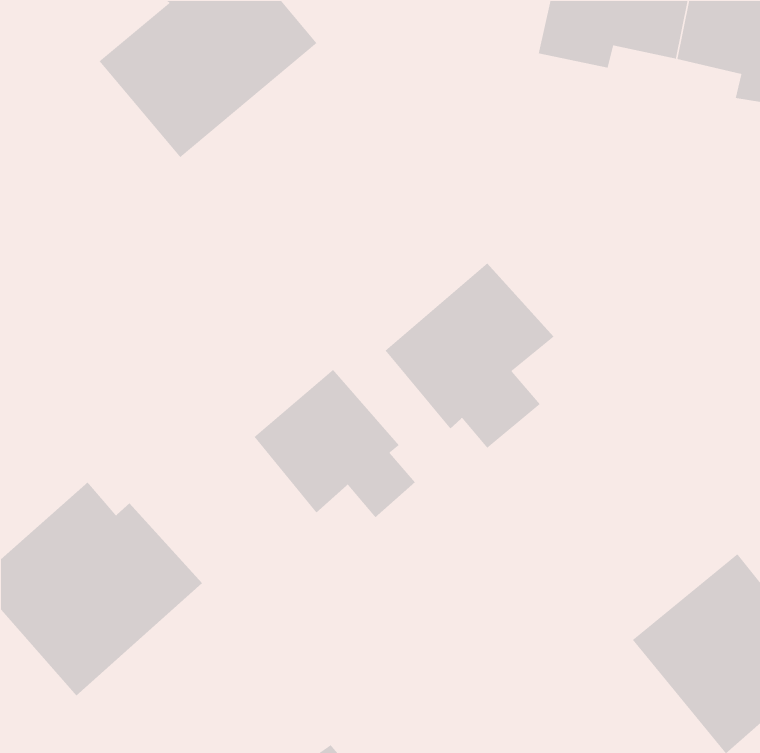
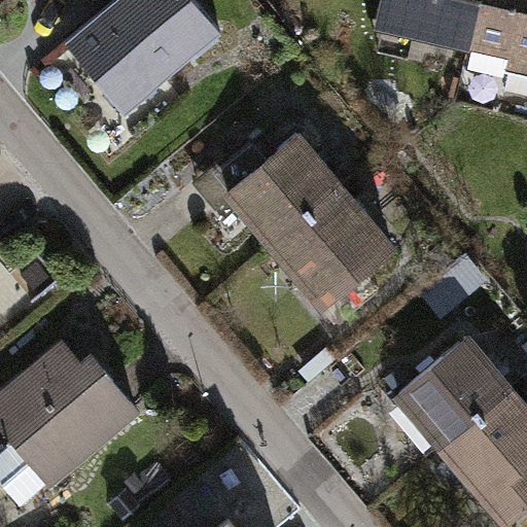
building: none -> [219,132,338,248]
building: [254,369,416,518] -> none
building: none -> [391,331,511,448]

